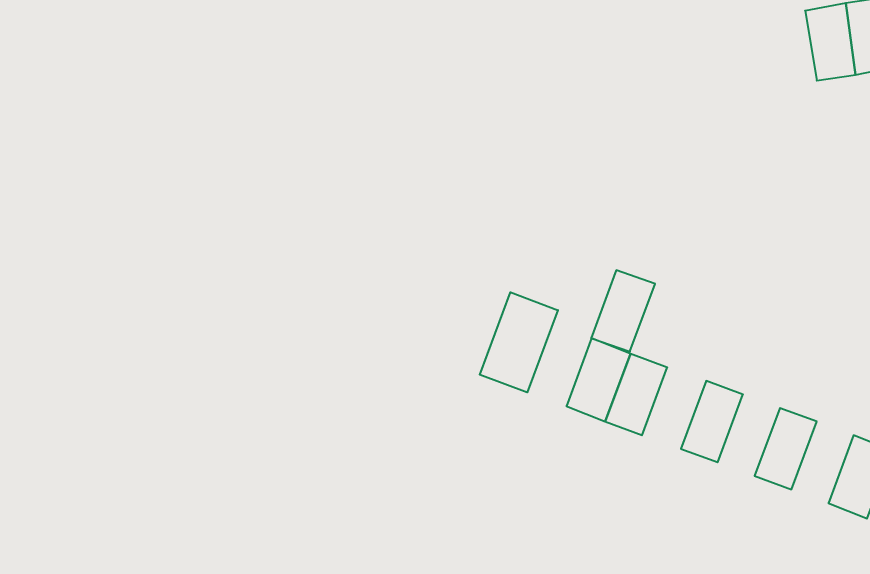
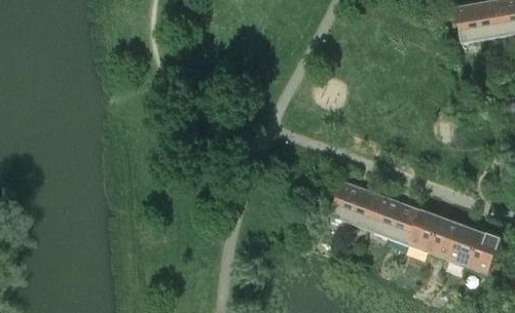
building: [591,270,655,352] -> [368,195,402,238]
building: [480,292,558,392] -> none
building: none -> [408,209,441,252]
building: none -> [447,224,480,267]

